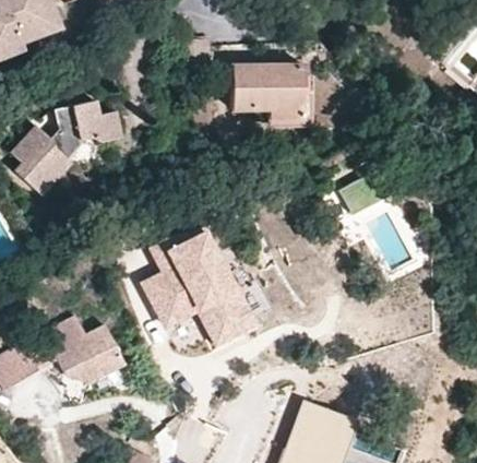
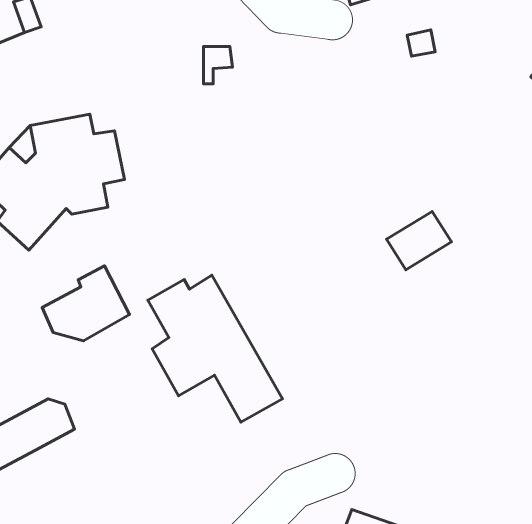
building: [236,66,307,120] -> none
building: [57,328,126,387] -> [42,266,129,341]

